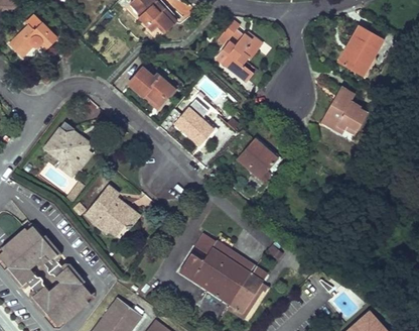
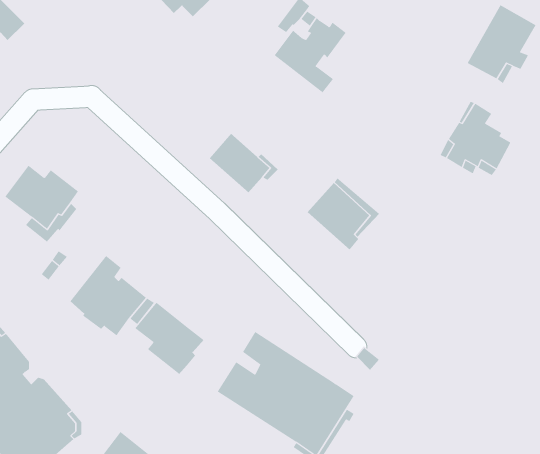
building: [128,67,174,106] -> none
building: none -> [135,302,204,375]

